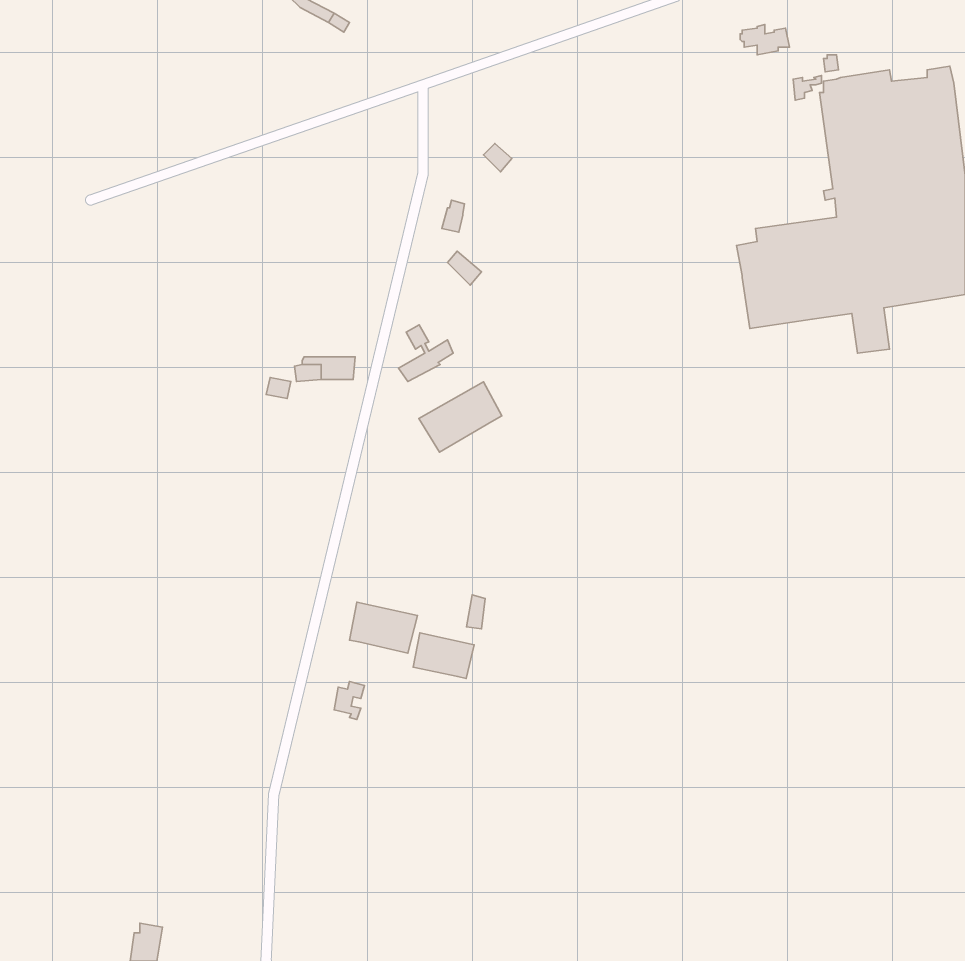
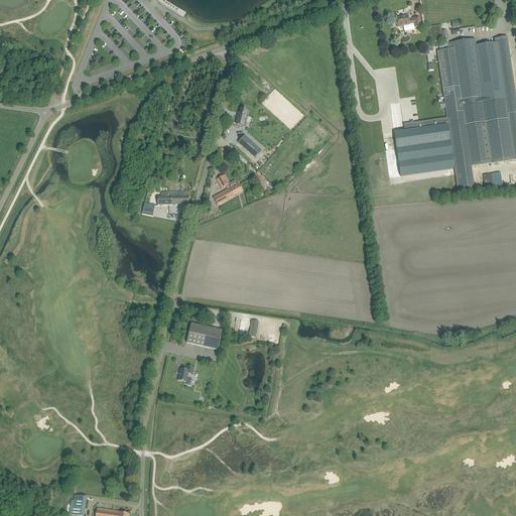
building: [419,382,502,452] -> none
building: [413,633,474,678] -> none

